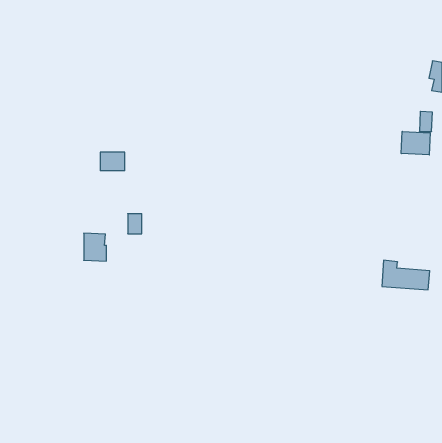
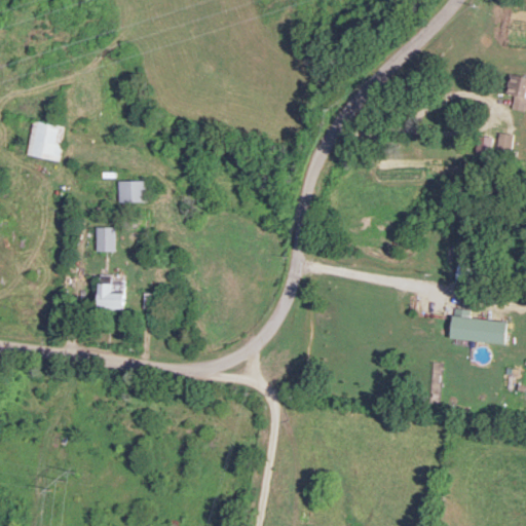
building: none -> [26,121,65,161]
building: [401,131,430,155] -> none
building: [128,214,142,234] -> [97,228,113,252]

